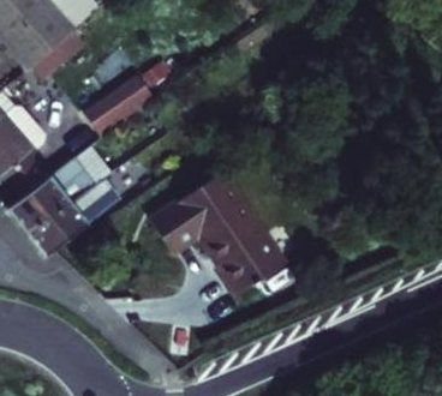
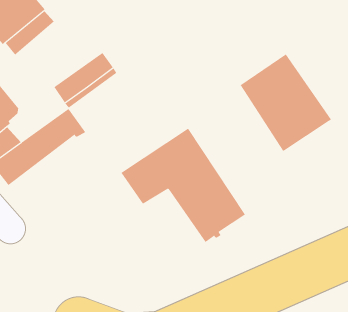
building: none -> [240,53,332,152]
building: [31,170,120,247] -> none

